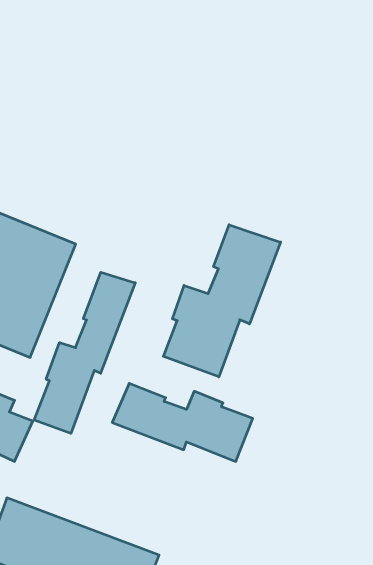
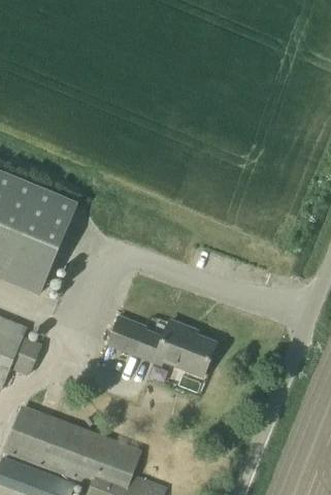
building: [163,225,281,377] -> none
building: [34,272,135,433] -> none

